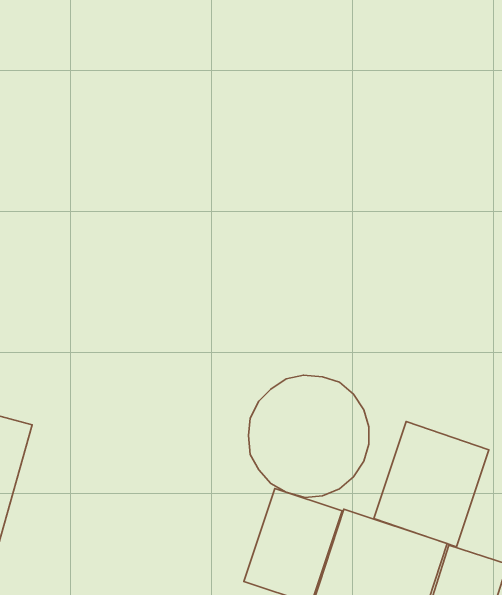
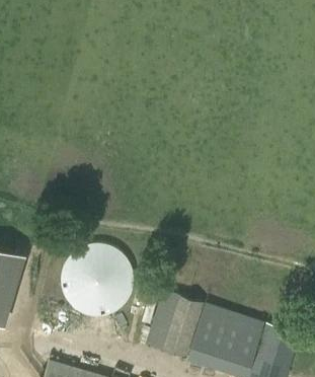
building: [248,375,369,497] -> [63,245,134,317]
building: [374,422,489,547] -> none

